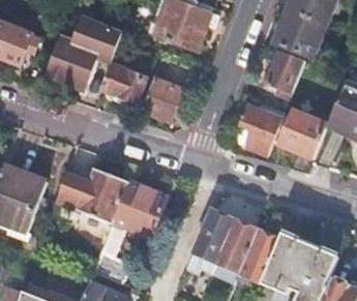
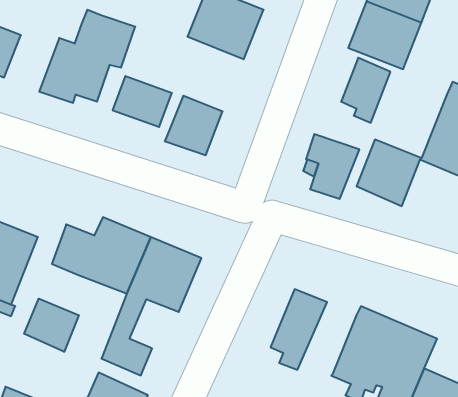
building: [186,210,235,273] -> none
building: none -> [24,299,79,352]
building: [237,230,280,283] -> none

